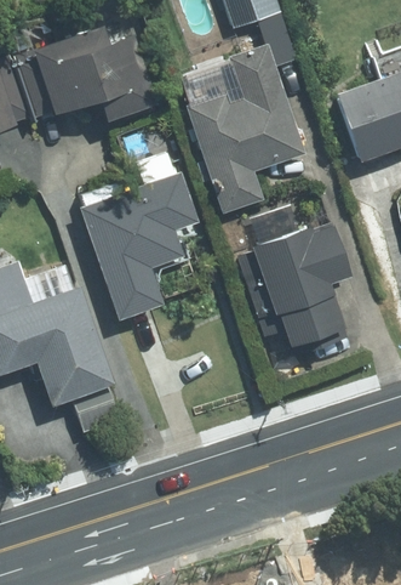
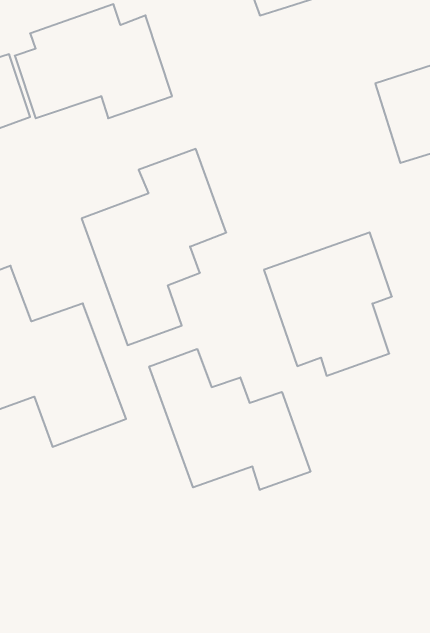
building: [185,46,304,217] -> none
building: none -> [149,349,310,490]

